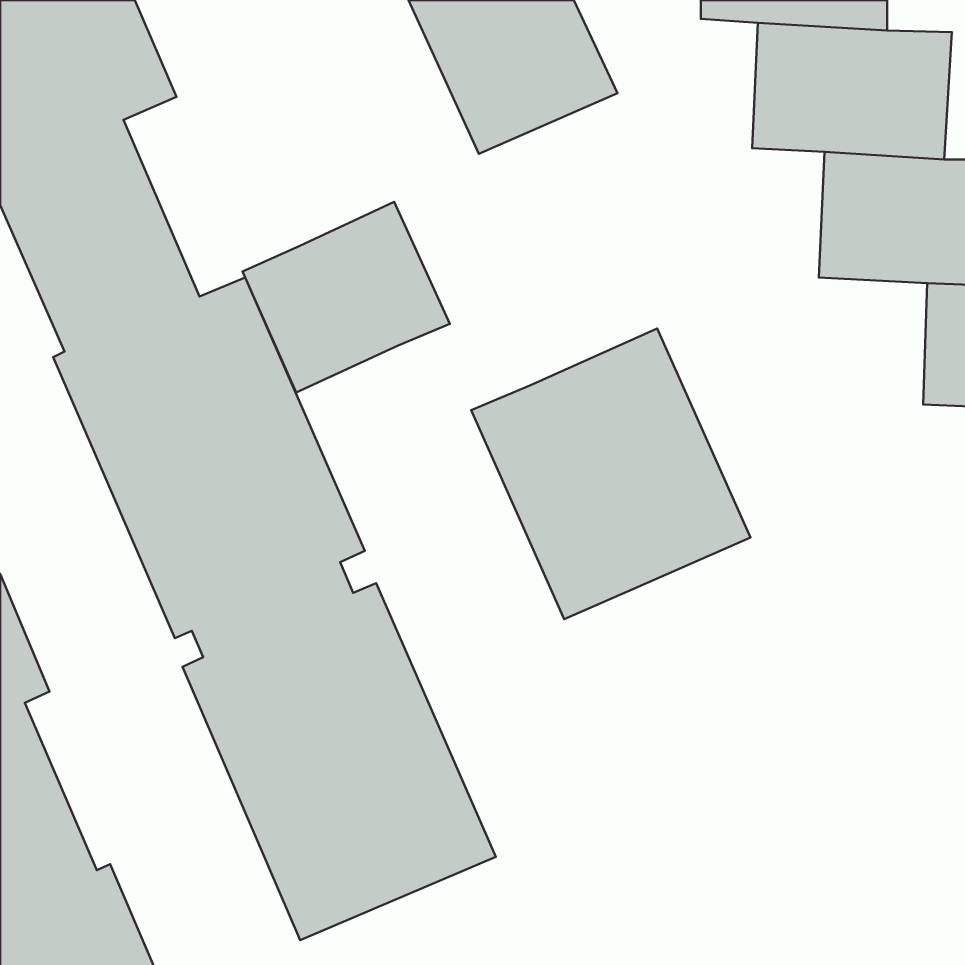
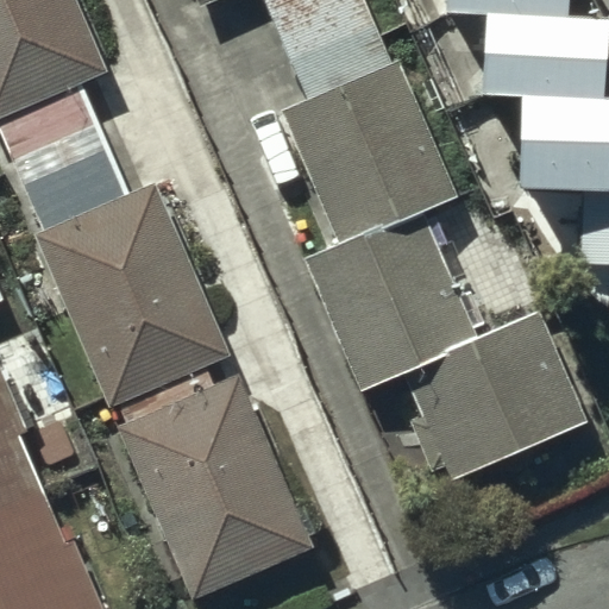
building: none -> [276,62,450,245]
building: [243,202,450,393] -> none
building: none -> [403,313,580,476]

